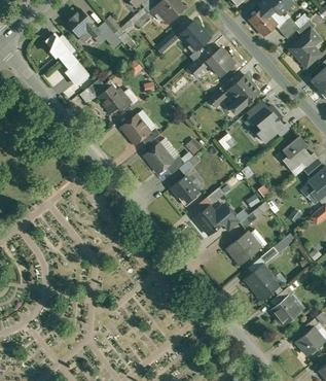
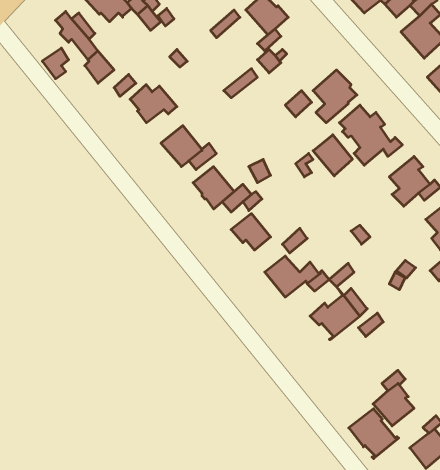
building: [208,47,234,76] -> none
building: none -> [313,135,352,176]
building: [244,265,279,300] -> [349,409,399,459]

